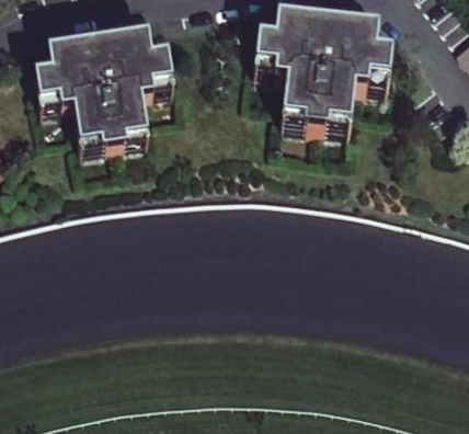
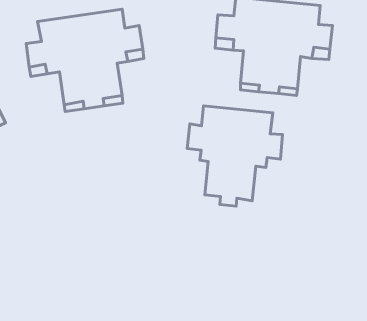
building: none -> [187,106,282,206]

